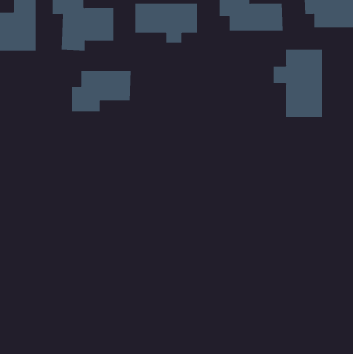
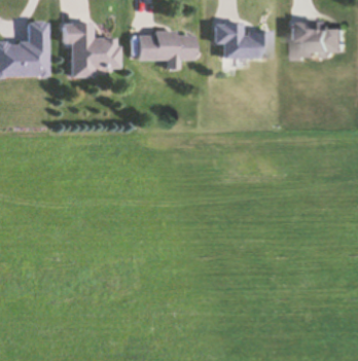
building: [273,49,323,118] -> none
building: [71,70,131,112] -> none

